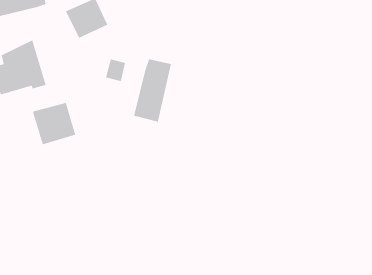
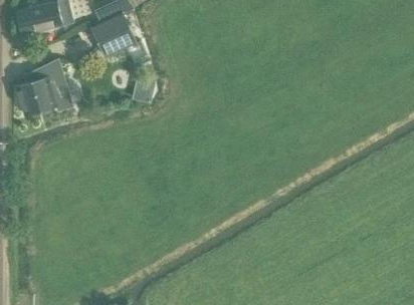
building: [133,58,171,122] -> none
building: [32,102,76,145] -> none

